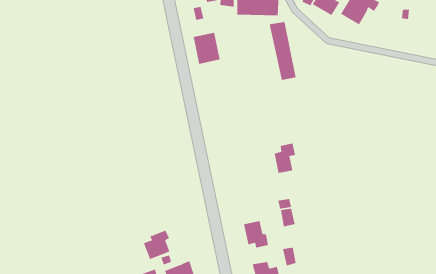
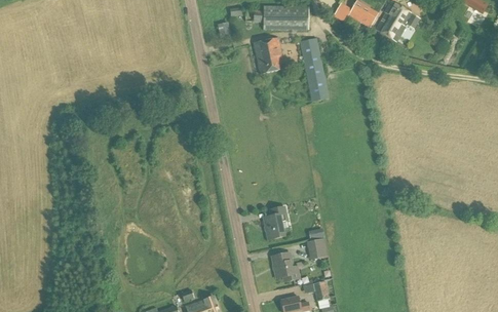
building: [193,32,221,64] -> [255,37,284,72]
building: [274,143,296,173] -> [264,206,288,239]
building: [143,230,170,260] -> none

